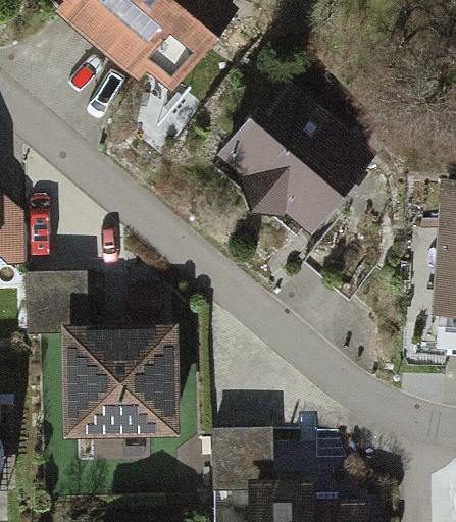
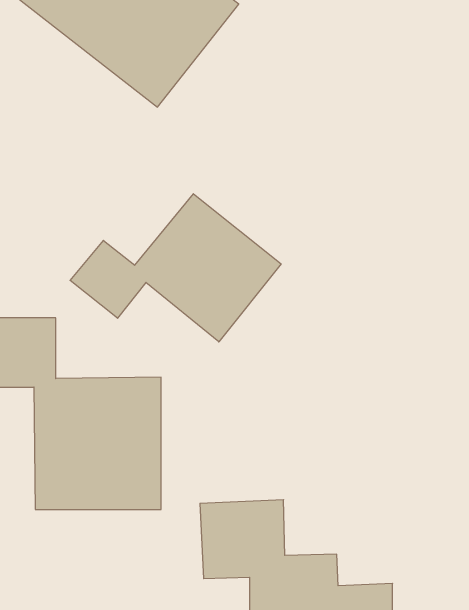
building: [219,76,379,233] -> none
building: none -> [70,194,281,342]

